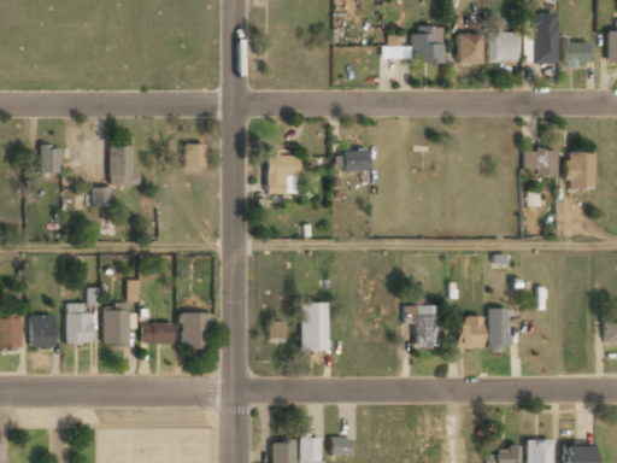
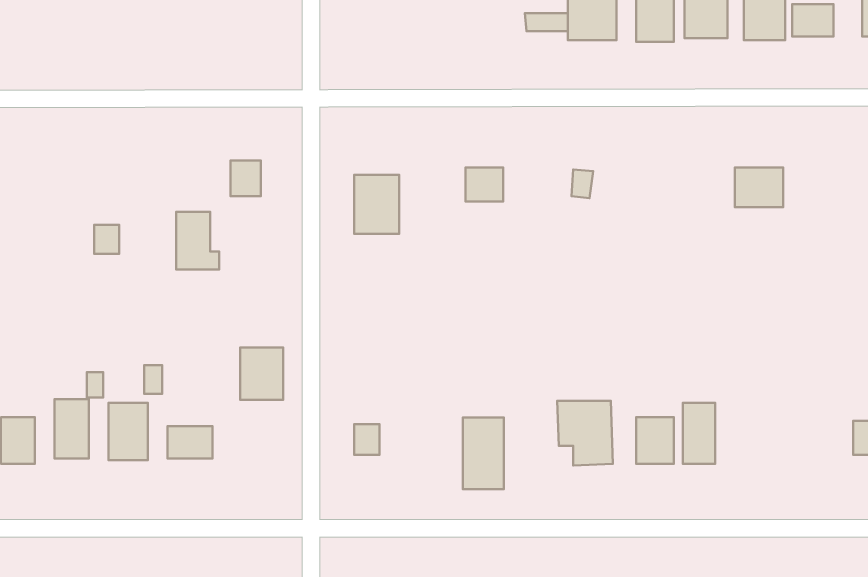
building: [41,146,61,174] -> none
building: [111,146,140,184] -> [176,212,219,269]
building: [566,153,594,191] -> none
building: [301,304,329,352] -> [463,417,504,489]
building: [182,313,211,348] -> [240,348,283,400]

